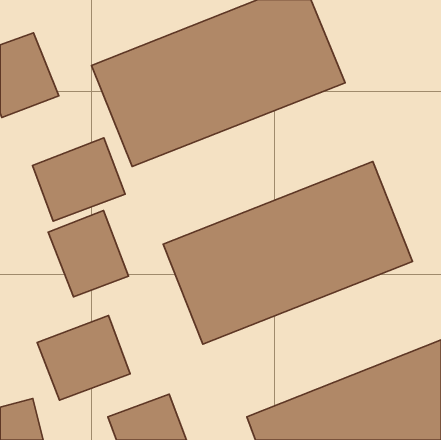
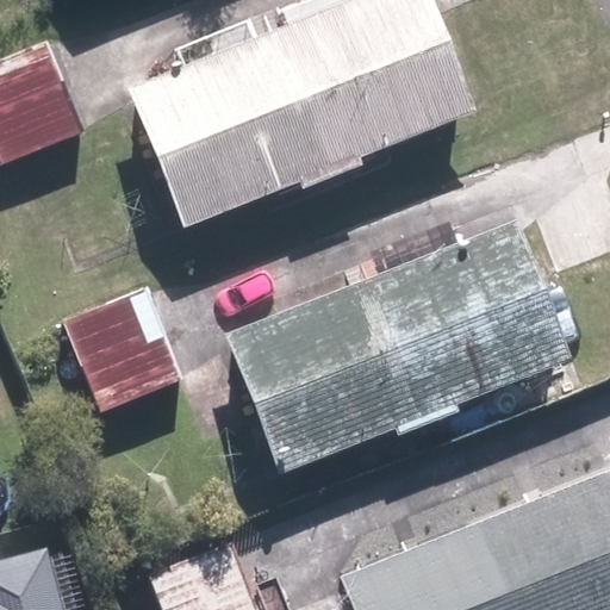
building: [32,138,125,221] -> none
building: [37,315,130,400] -> none

